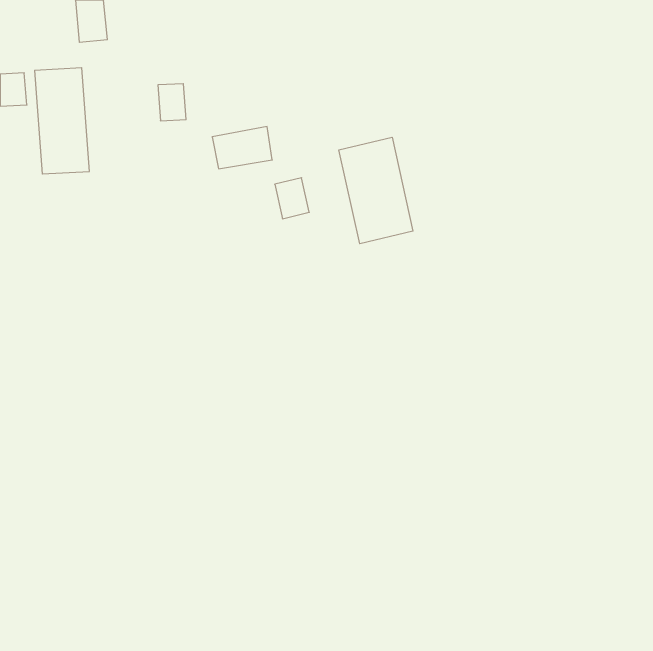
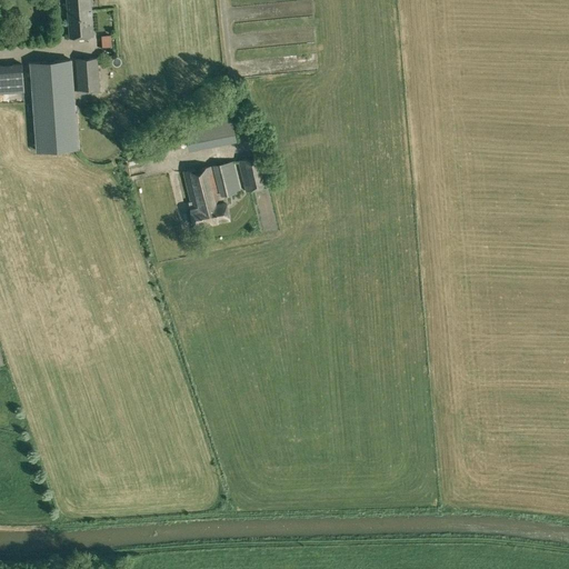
building: [158,84,186,121] -> [76,59,100,91]
building: [339,137,413,244] -> none
building: none -> [182,162,241,229]

